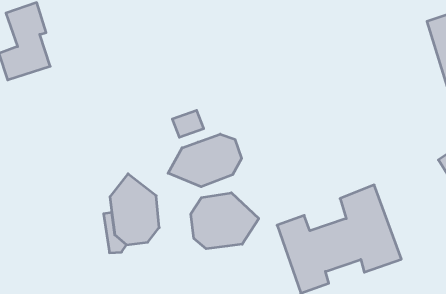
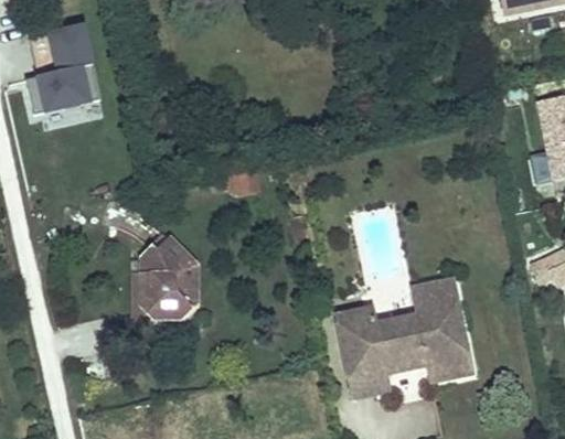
building: [168,134,242,187] -> none
building: [191,193,259,249] -> none

